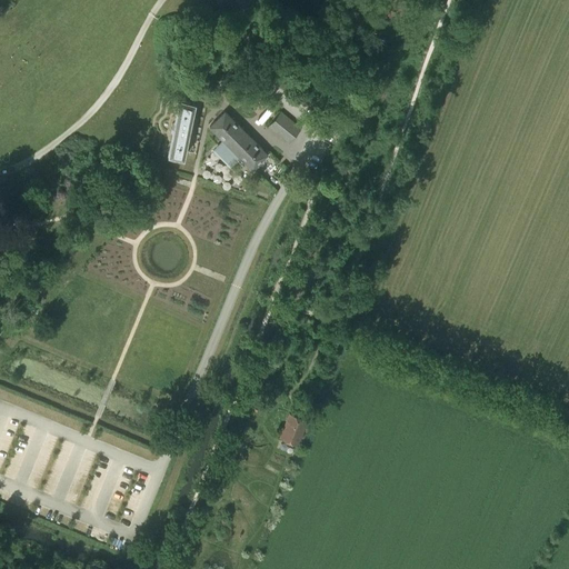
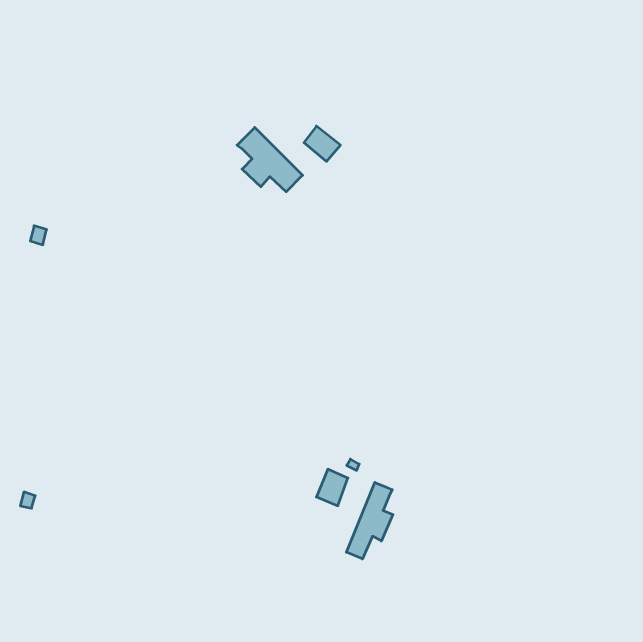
building: [169,100,196,160] -> none
building: none -> [346,482,393,559]

